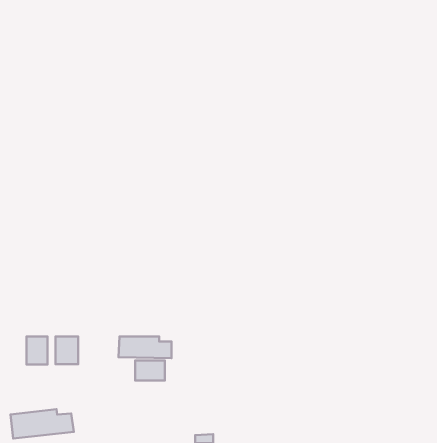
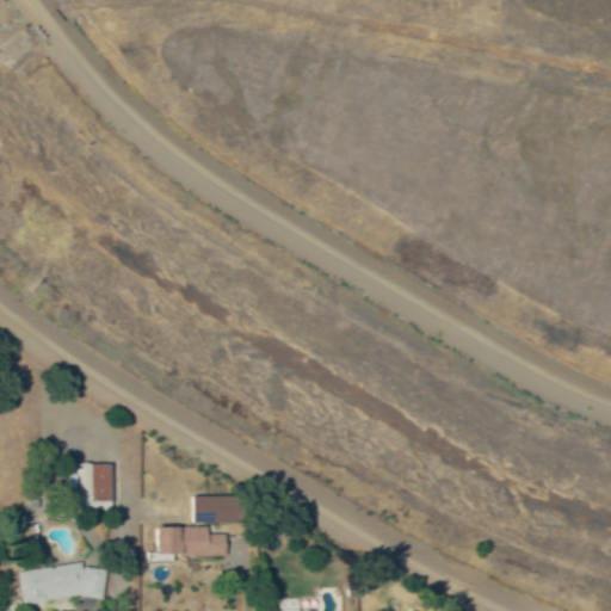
building: [119,336,171,358] -> [156,526,229,556]
building: [27,336,48,365] -> none

